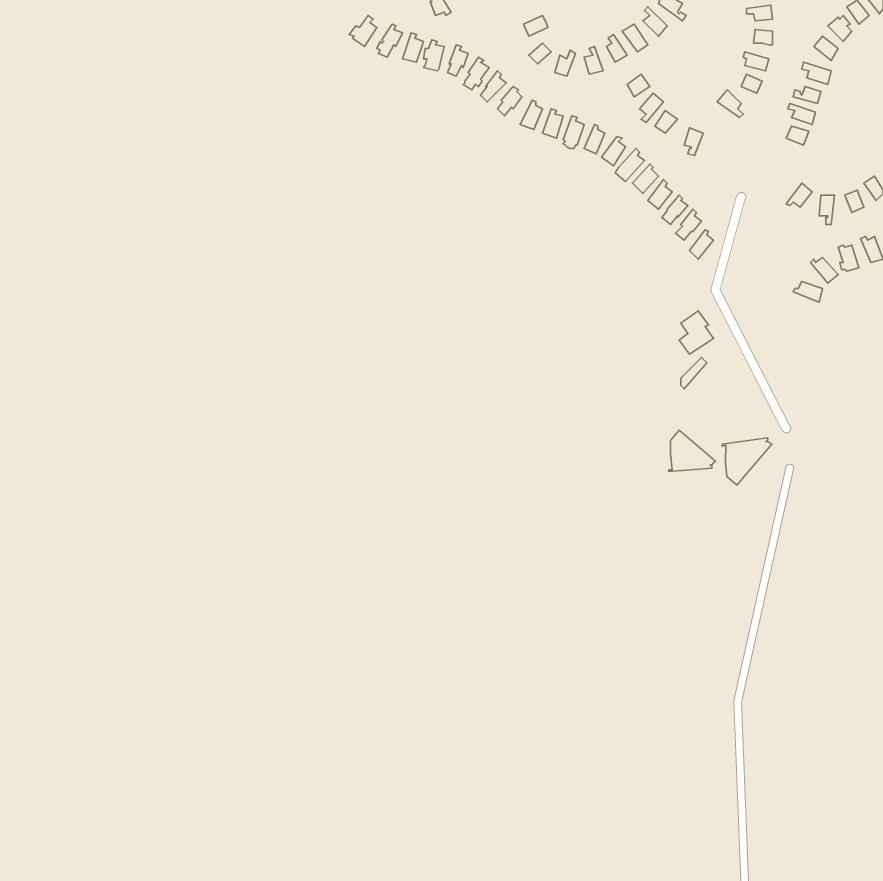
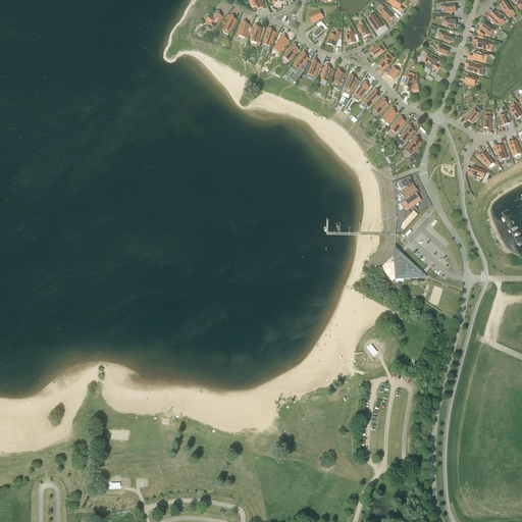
building: [722,438,772,485] -> none

